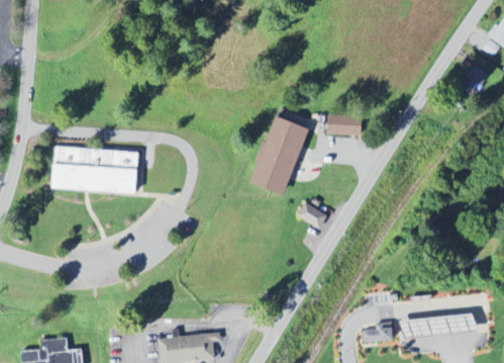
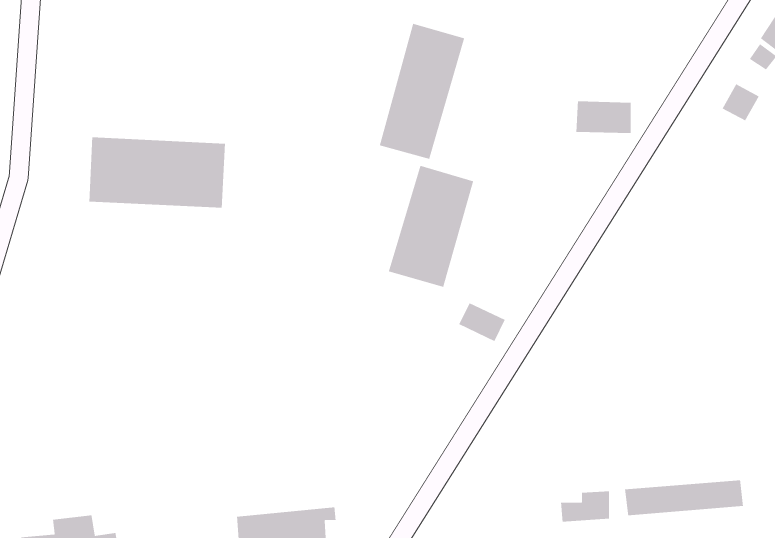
building: none -> [379,23,465,160]
building: [325,113,361,134] -> [576,100,631,134]
building: [51,147,137,192] -> [88,137,226,209]

